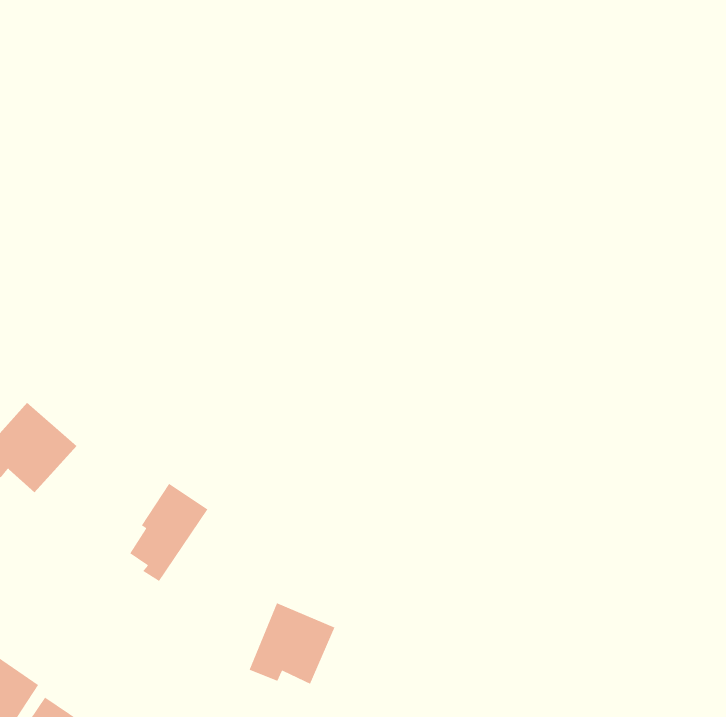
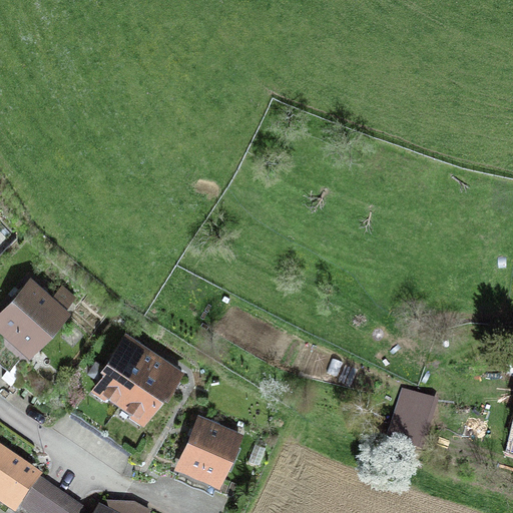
building: none -> [120,356,180,417]
building: none -> [392,397,436,447]

